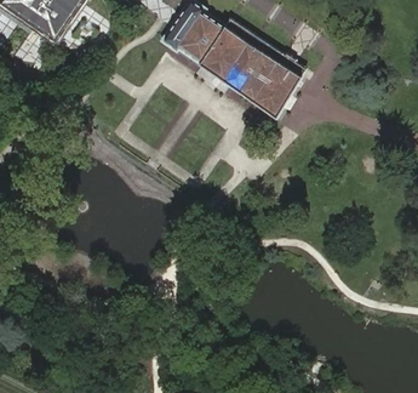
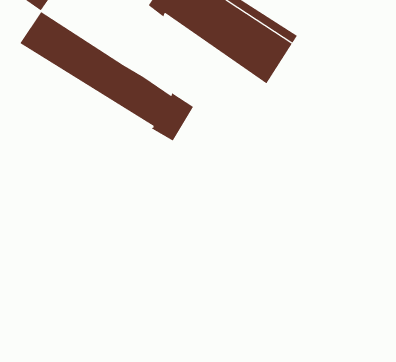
building: none -> [19,11,194,141]

